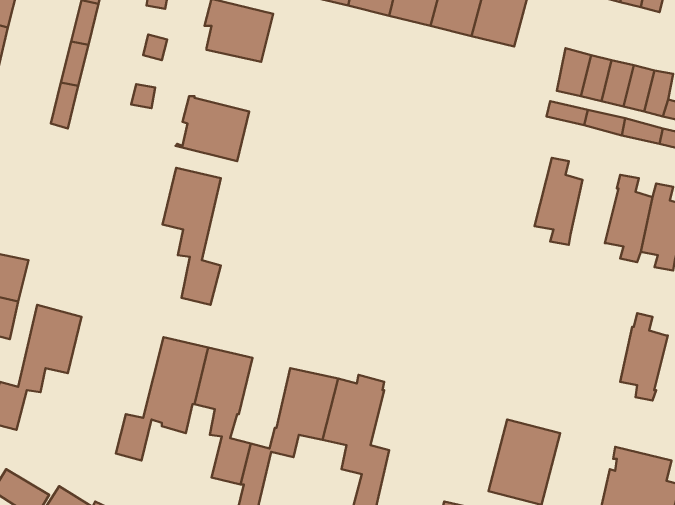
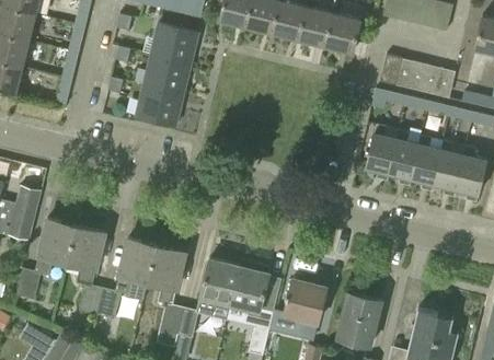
building: none -> [148,55,191,95]
building: [163,168,221,305] -> [67,227,104,314]
building: [620,313,668,401] -> [389,130,420,186]
building: none -> [284,279,326,340]

